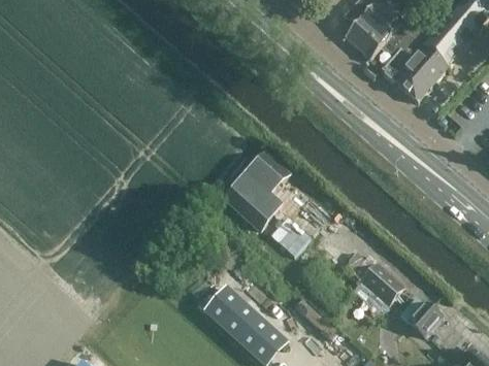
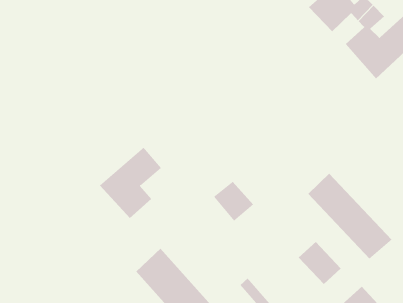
building: [228,154,287,225] -> [99,147,162,219]
building: none -> [308,173,392,260]

